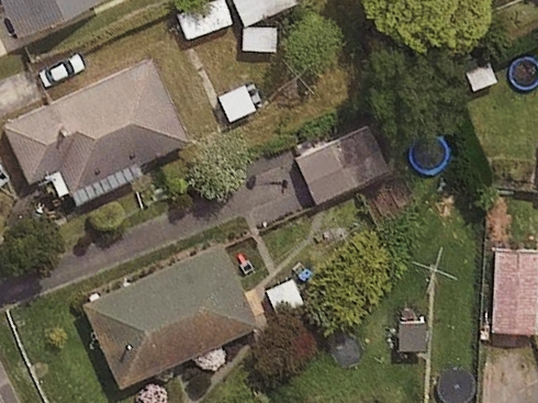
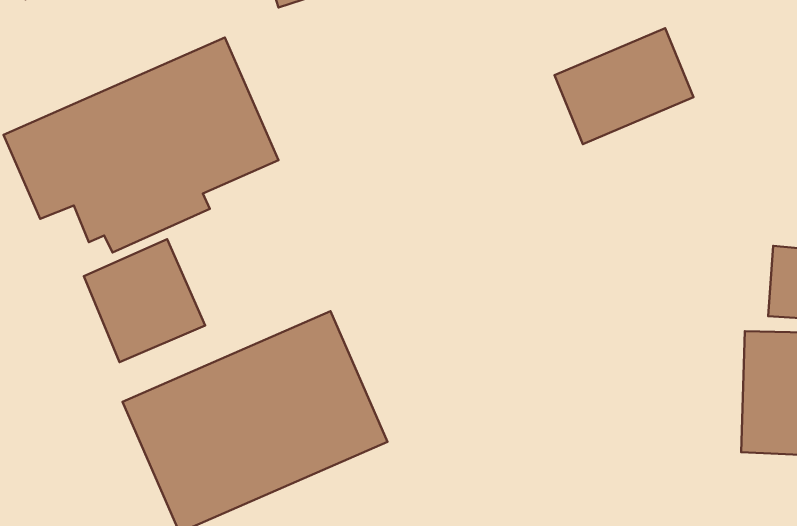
building: [298,131,389,206] -> [554,28,694,144]
building: none -> [84,239,205,362]

